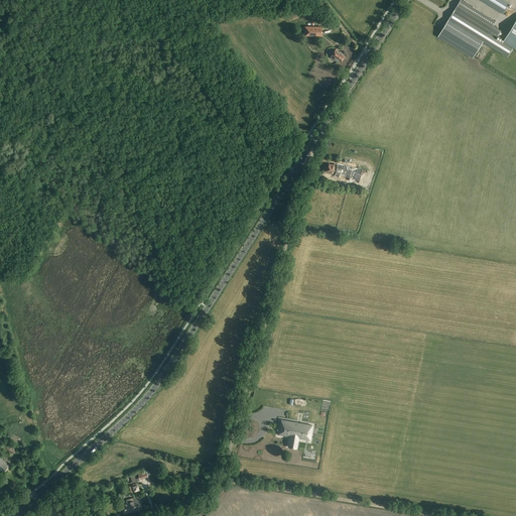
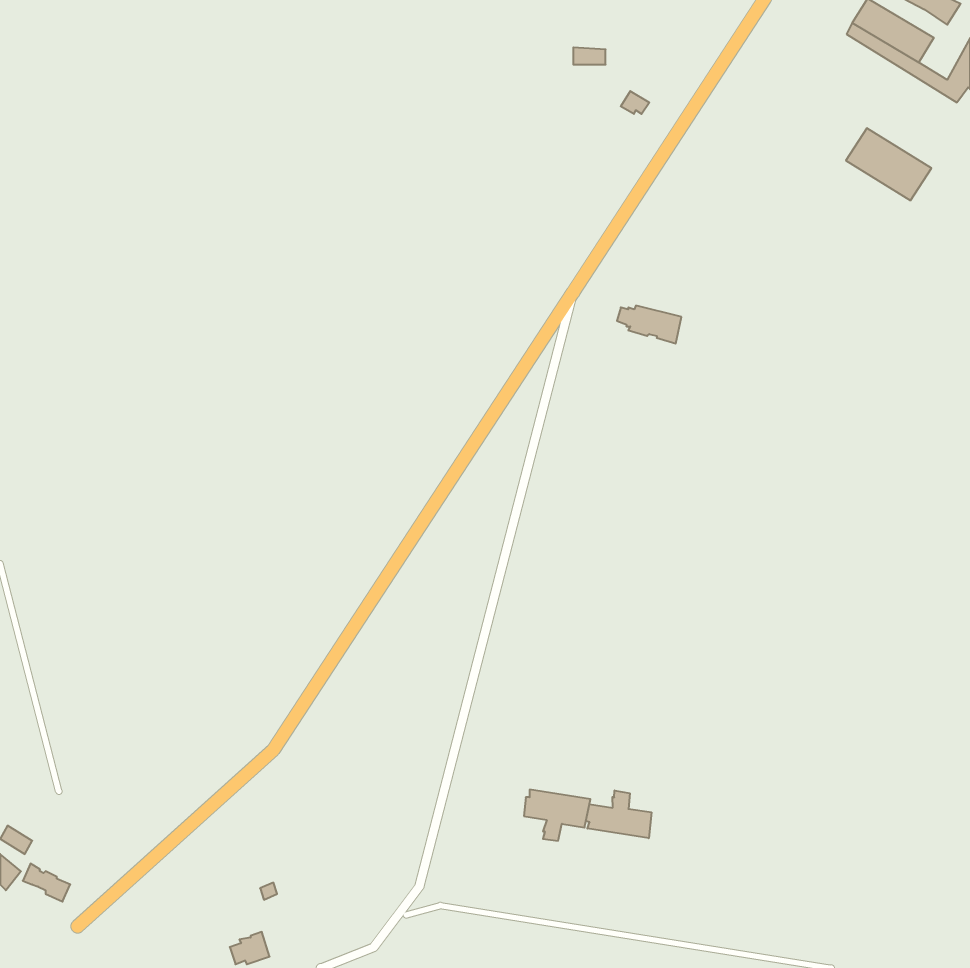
building: [438,18,484,56] -> [846,128,931,200]
building: none -> [586,790,651,838]

